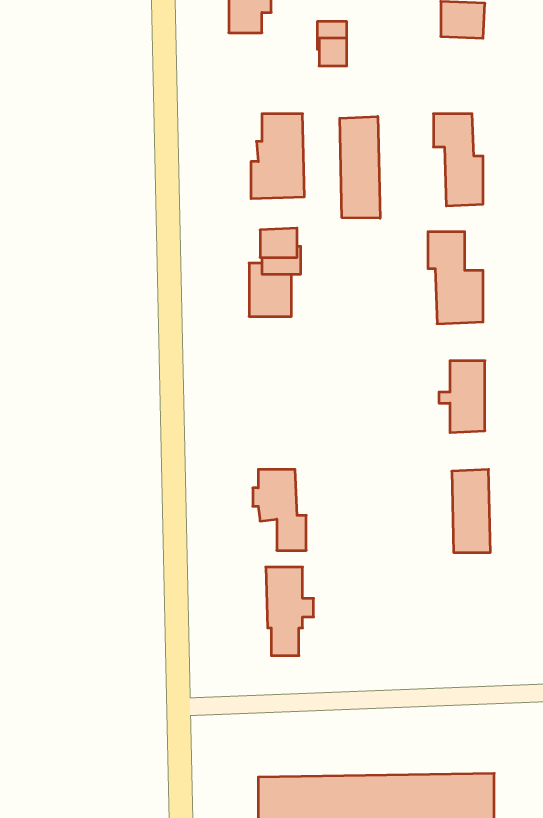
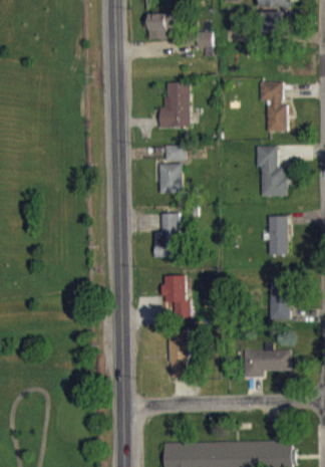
building: [340,116,380,218] -> none
building: none -> [155,212,182,257]
building: none -> [245,343,292,377]

